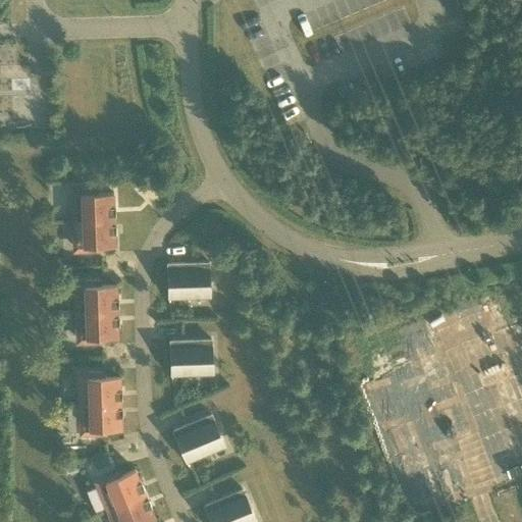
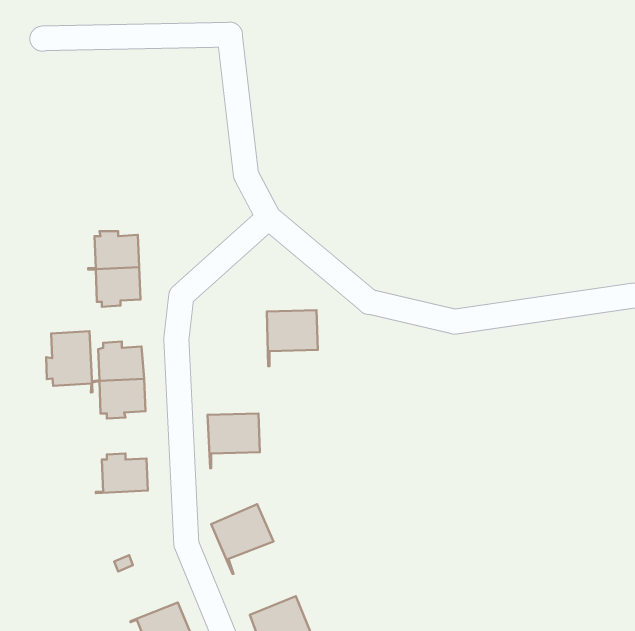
building: [168,265,210,311] -> [267,310,318,366]
building: none -> [46,331,92,392]
building: [79,406,121,438] -> none
building: [102,472,146,513] -> none

